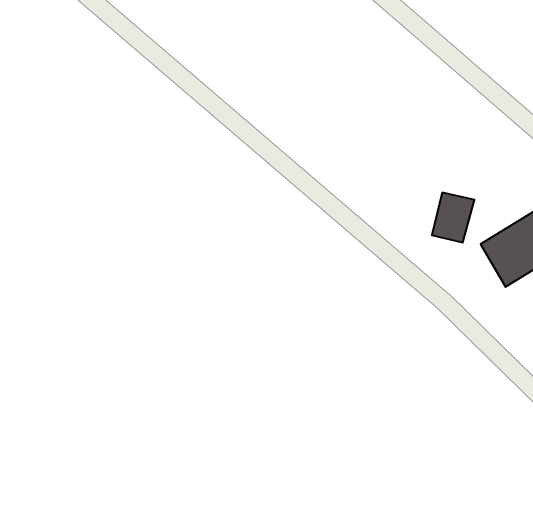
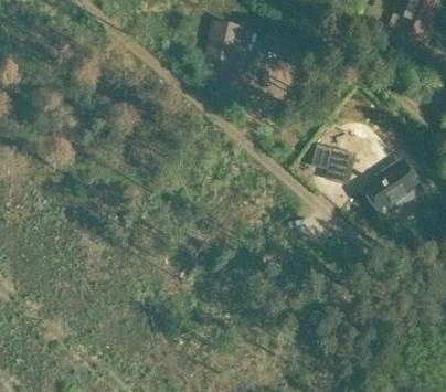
building: none -> [208,19,243,64]

